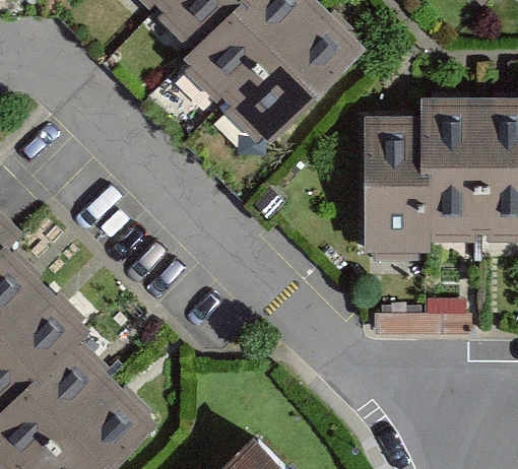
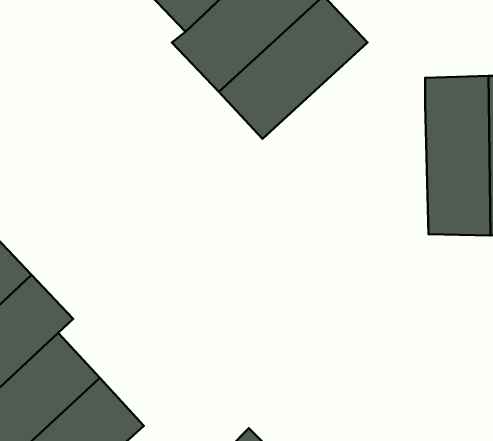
building: [364,125,425,260] -> none

